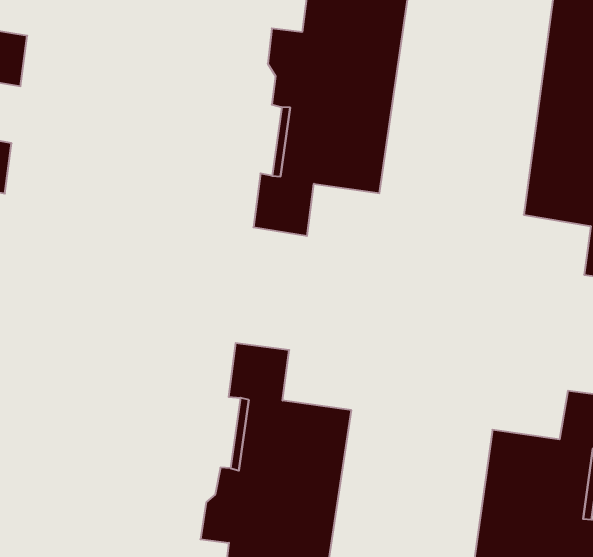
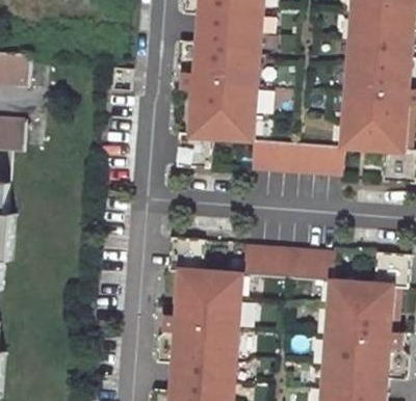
building: none -> [249,139,340,173]
building: none -> [242,245,332,279]

